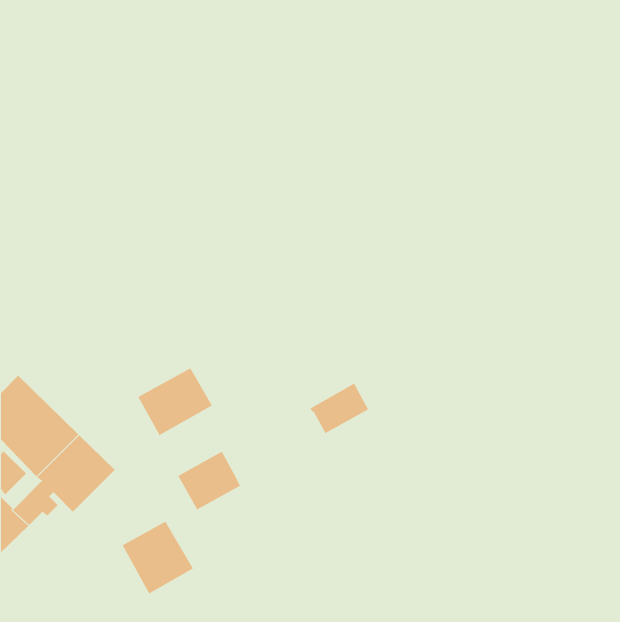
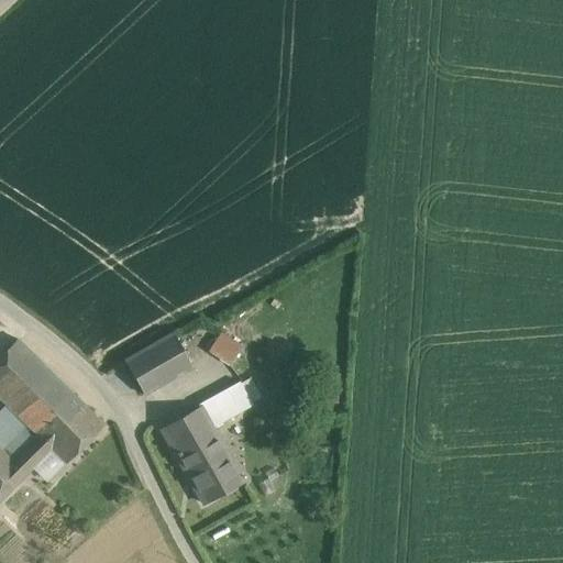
building: none -> [209,331,243,366]
building: [309,383,369,434] -> [199,382,253,428]
building: [122,521,194,594] -> [179,439,244,505]

